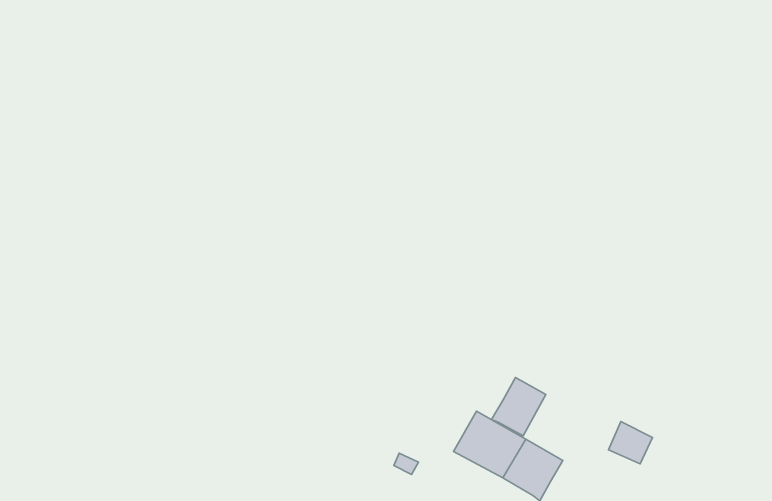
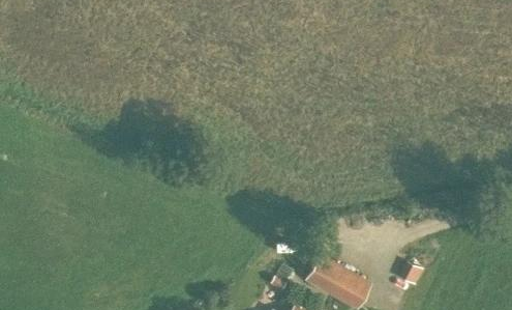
building: [491,377,546,436] -> none

